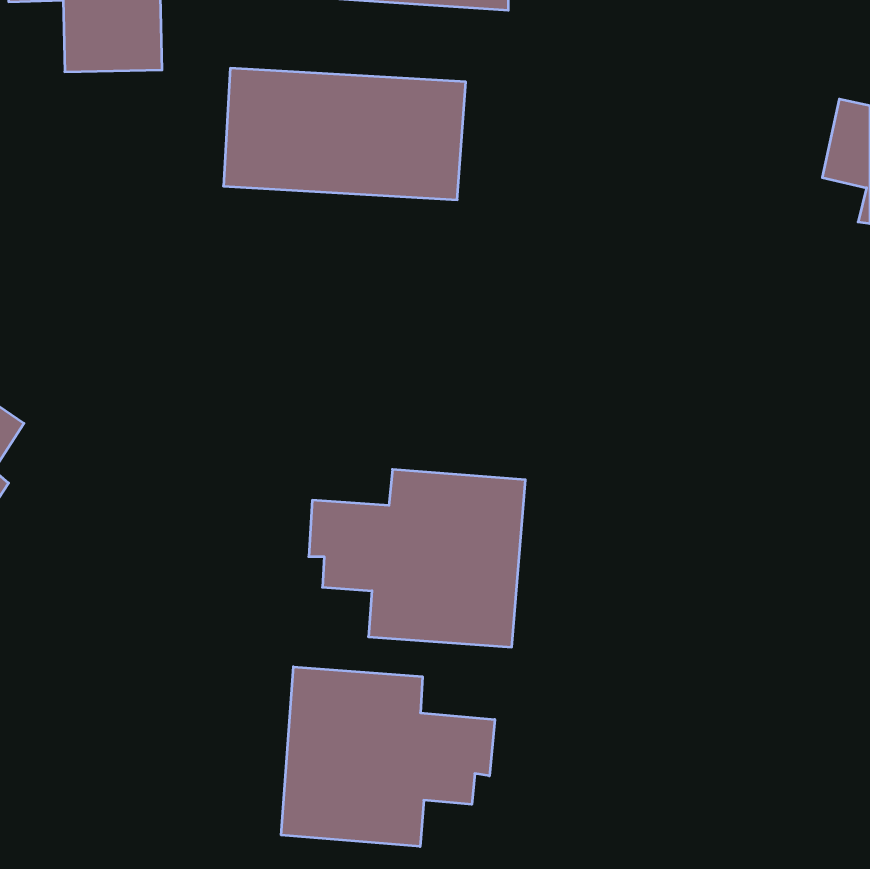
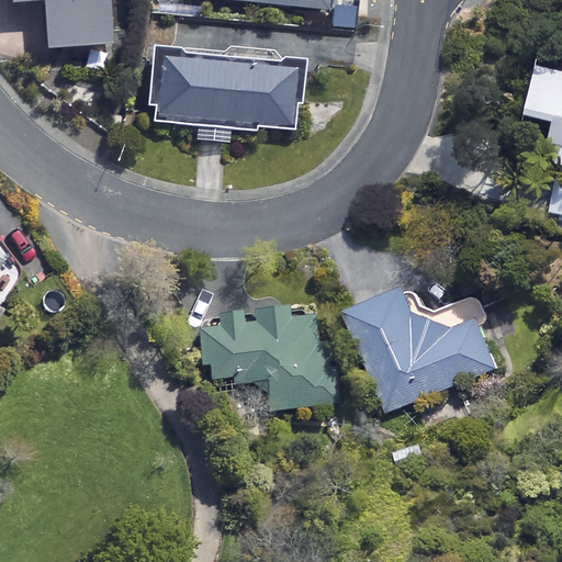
building: none -> [347,288,497,413]
building: [281,667,495,847] -> none

